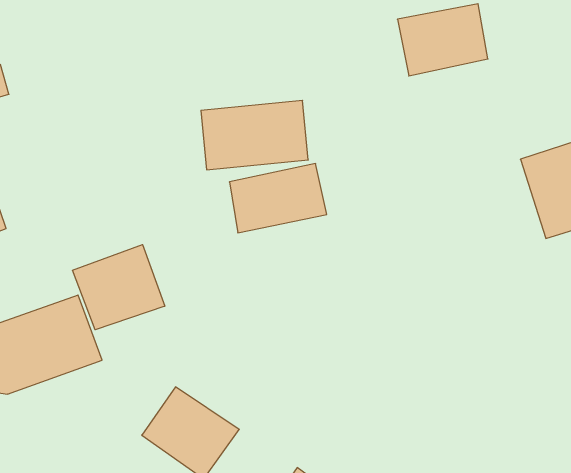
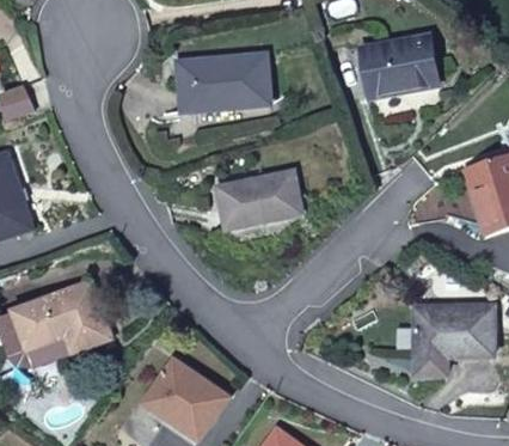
building: [201,100,308,170] -> [178,54,269,112]
building: [73,245,165,330] -> none
building: none -> [415,304,495,374]

